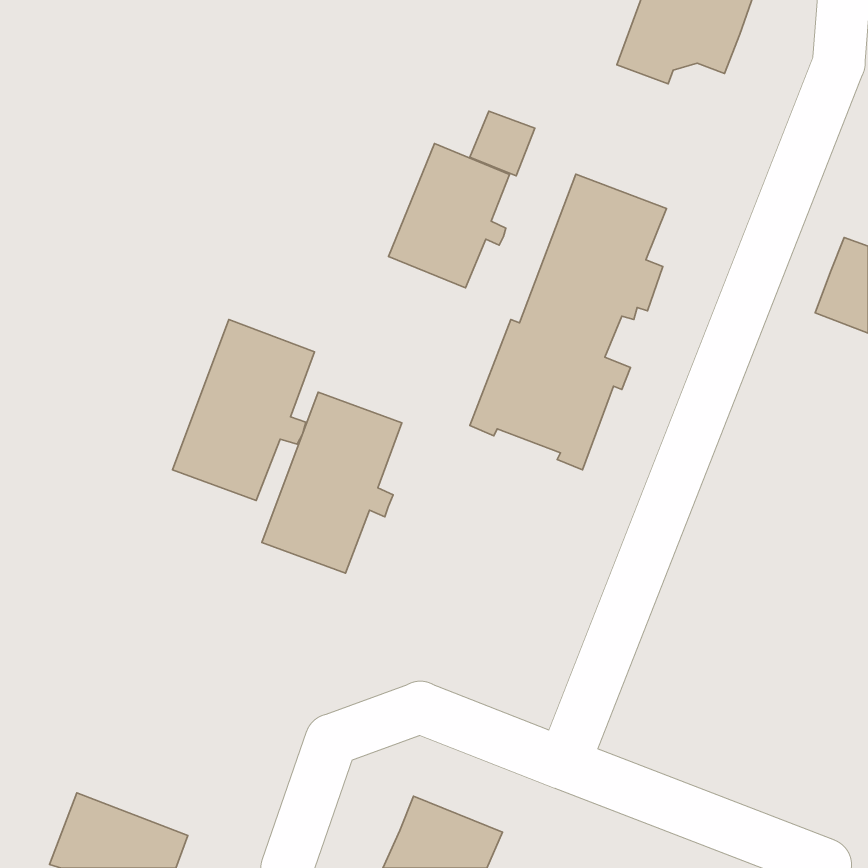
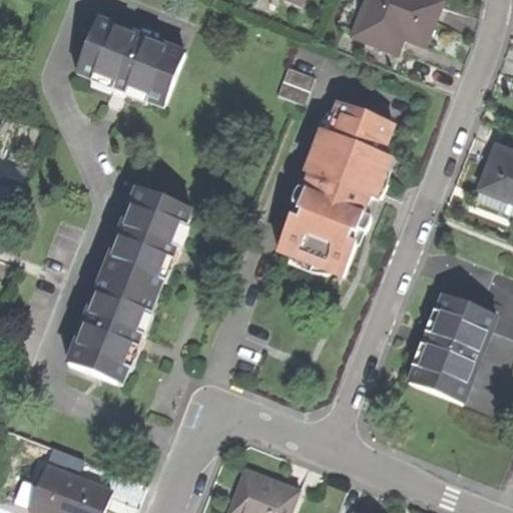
building: none -> [75,17,182,99]
building: [388,143,510,288] -> none
building: [262,392,402,573] -> [68,276,150,382]
building: none -> [412,295,495,402]

